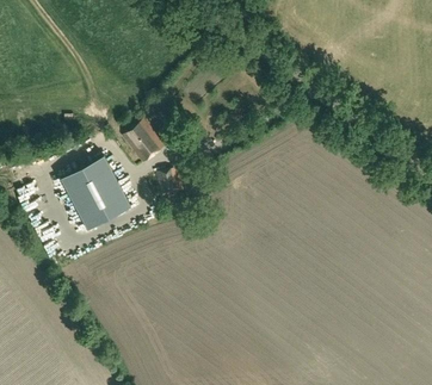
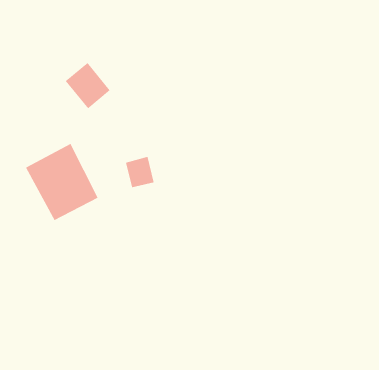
building: [122,120,165,164] -> [65,62,111,109]

